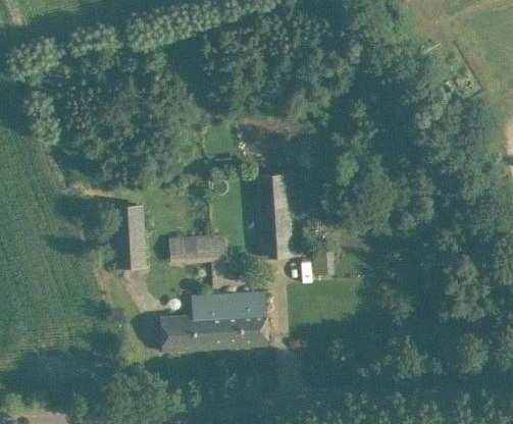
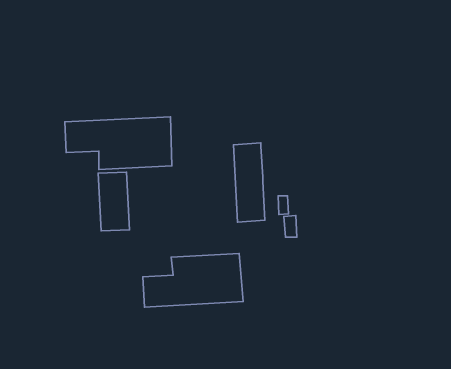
building: none -> [65,117,172,170]
building: [185,234,211,261] -> none

